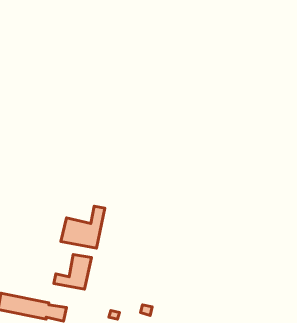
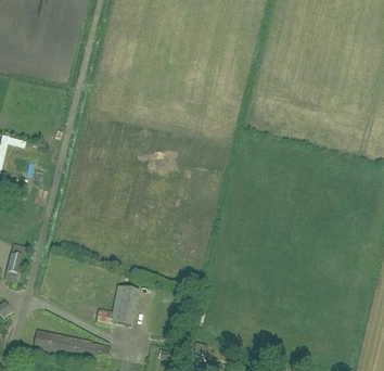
building: [61,206,105,248] -> none

